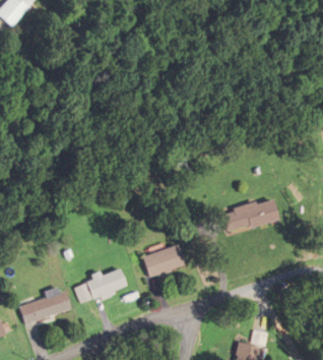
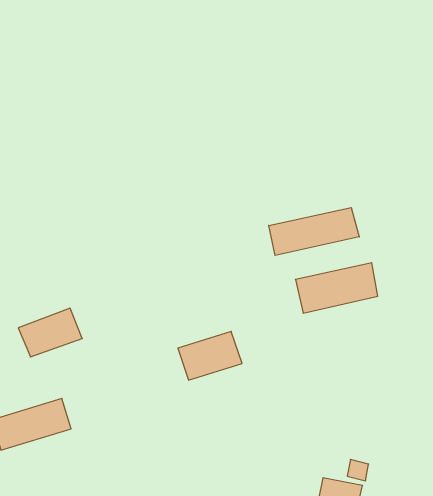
building: none -> [269,208,359,255]
building: [85,267,128,300] -> [18,308,82,357]

